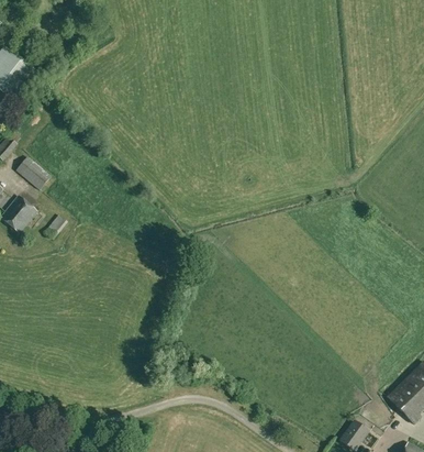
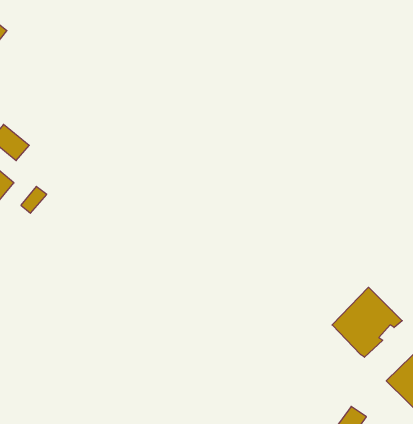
building: none -> [332,287,402,357]

